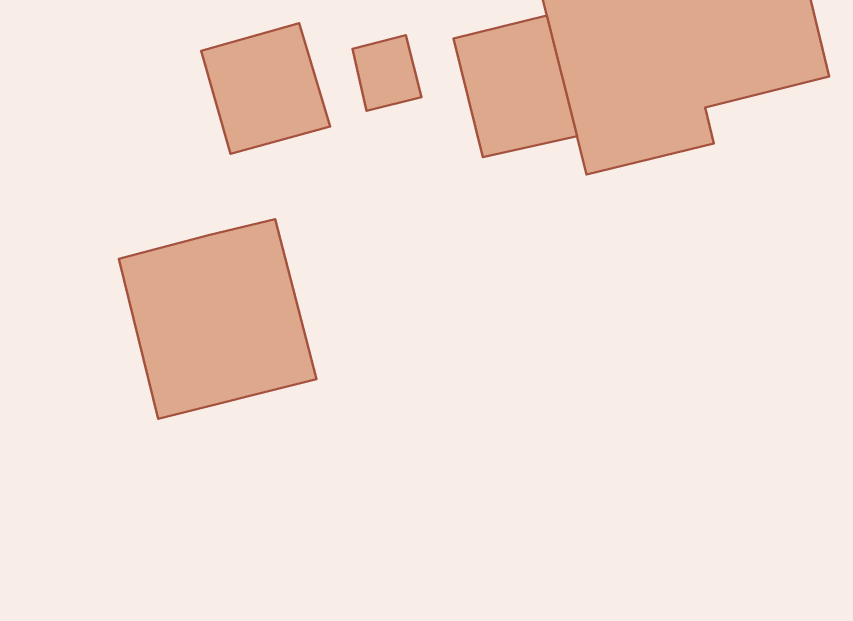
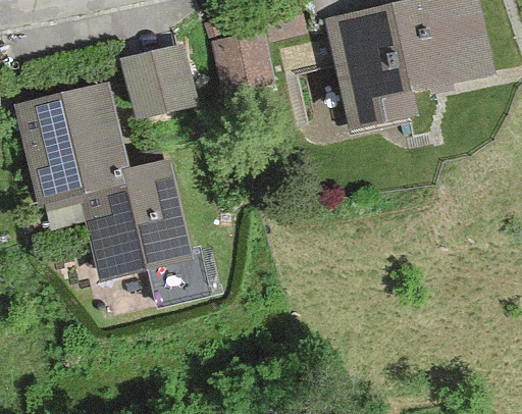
building: [454,16,577,157] -> none
building: none -> [12,82,128,192]

